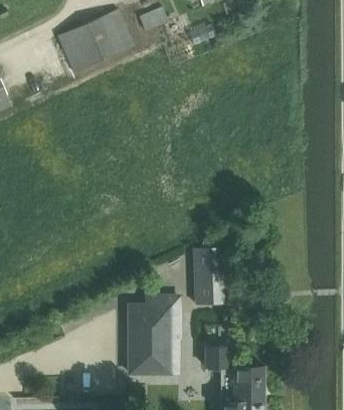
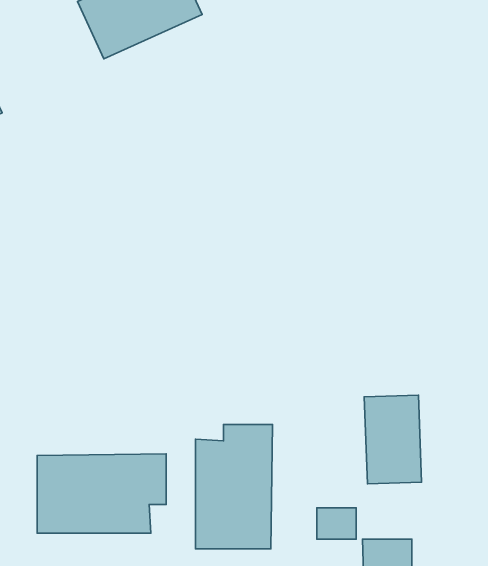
building: [193,249,228,303] -> [364,395,422,484]
building: none -> [37,454,166,533]

